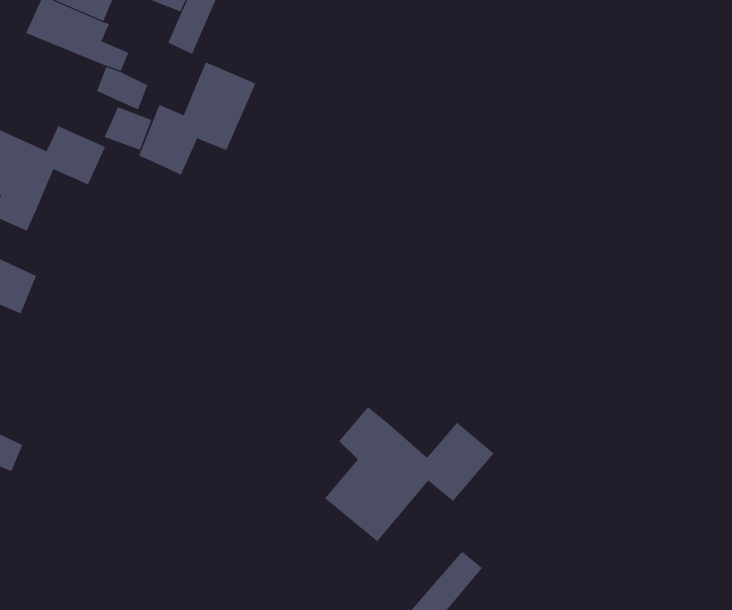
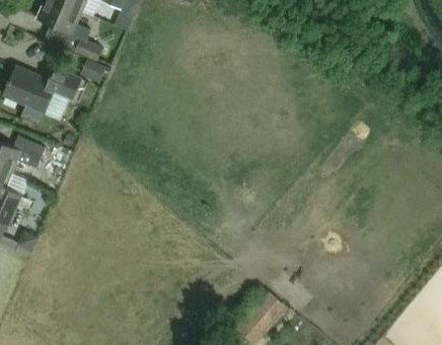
building: [138,61,256,176] -> none
building: [324,406,494,542] -> none

